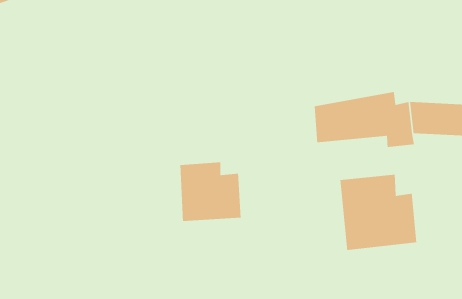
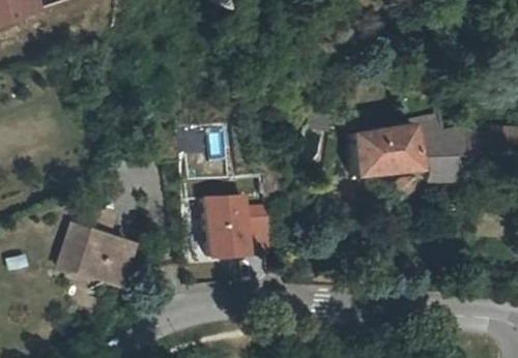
building: [339,174,417,251] -> none
building: none -> [57,219,134,278]

